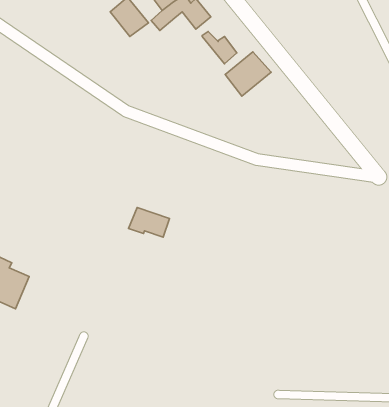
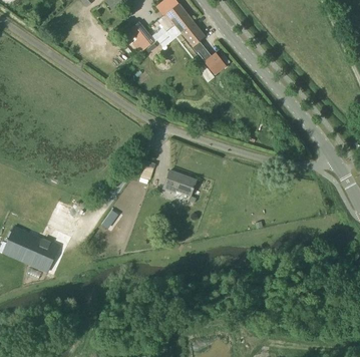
building: [225,52,271,96] -> none
building: [128,207,170,237] -> [162,170,196,195]

